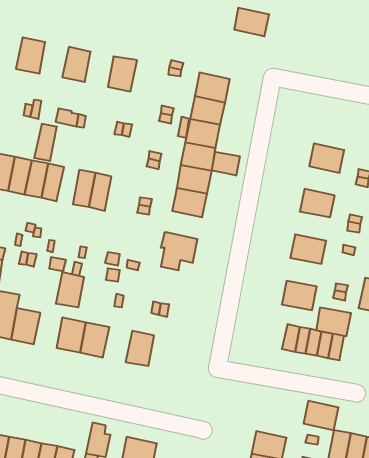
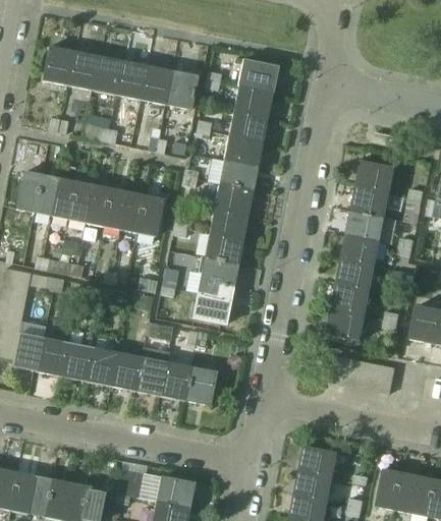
building: [234,8,269,36] -> [239,60,277,91]
building: none -> [67,51,99,89]
building: none -> [116,61,147,99]
building: none -> [165,70,197,109]
building: [34,124,57,161] -> [86,185,110,225]
building: [212,152,240,176] -> none
building: none -> [352,184,390,216]
building: none -> [137,195,163,235]
building: none -> [205,232,242,263]
building: none -> [342,233,380,265]
building: none -> [189,285,232,324]
building: [56,272,84,307] -> [61,342,92,380]
building: [316,308,351,336] -> [333,283,371,313]
building: none -> [135,357,167,395]
building: none -> [184,366,216,404]
building: [304,401,339,430] -> [300,445,338,476]

